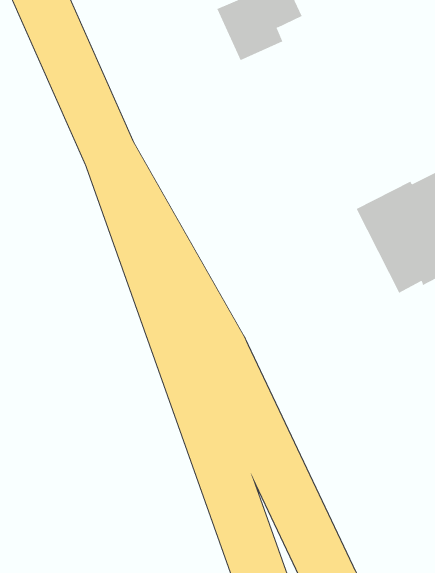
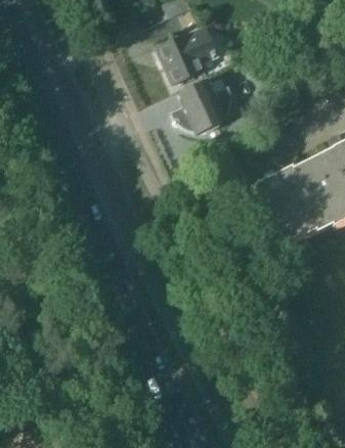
building: none -> [171,81,232,130]

